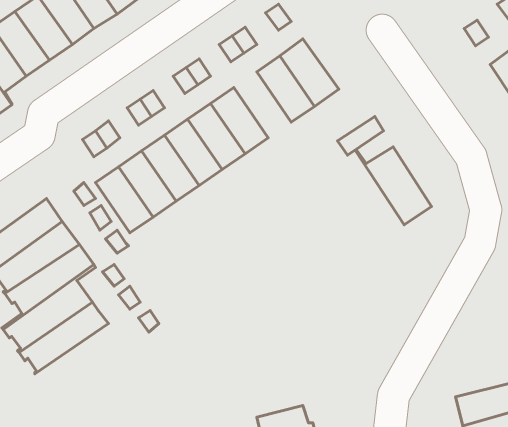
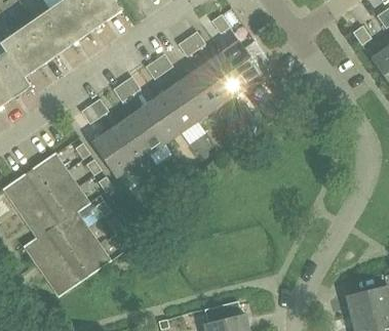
building: none -> [189,63,230,110]
building: [355,147,432,225] -> none
building: none -> [47,242,112,294]

